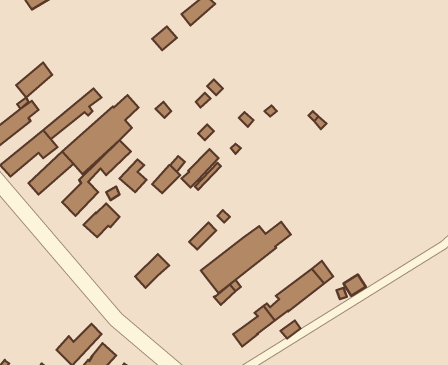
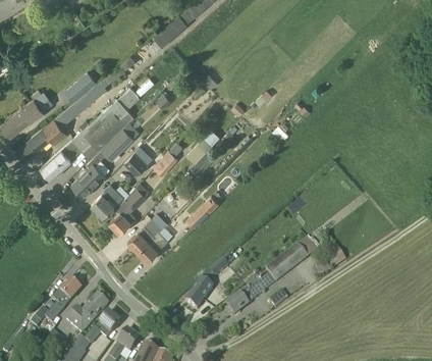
building: [16,63,52,97] -> [64,70,97,102]
building: none -> [109,183,150,233]
building: [201,222,291,293] -> none
building: none -> [127,218,161,251]
building: none -> [31,277,82,326]
building: none -> [185,278,213,309]

